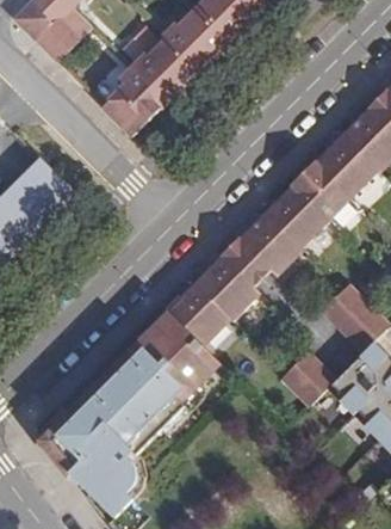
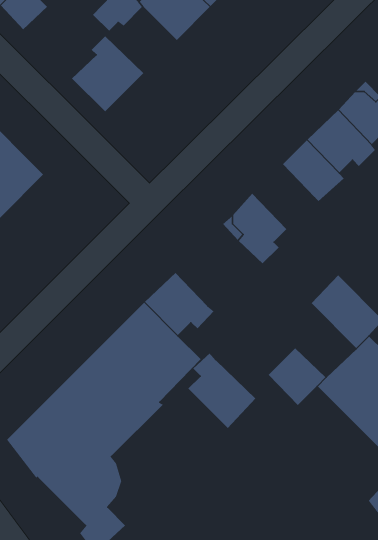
building: [131,38,197,99] -> none
building: [266,183,323,247] -> none
building: [196,254,259,313] -> none
building: none -> [188,352,256,429]

